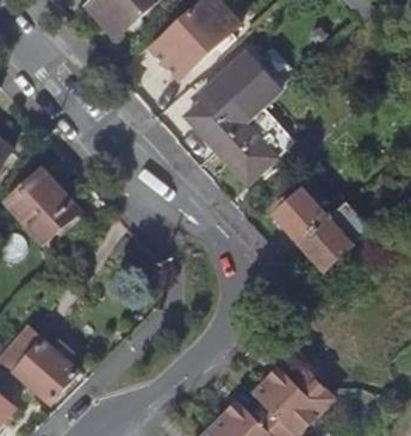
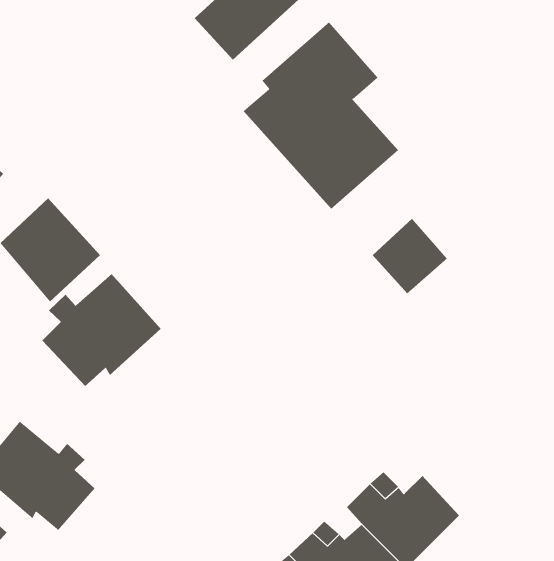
building: [300,200,372,269] -> none
building: none -> [41,273,161,387]

